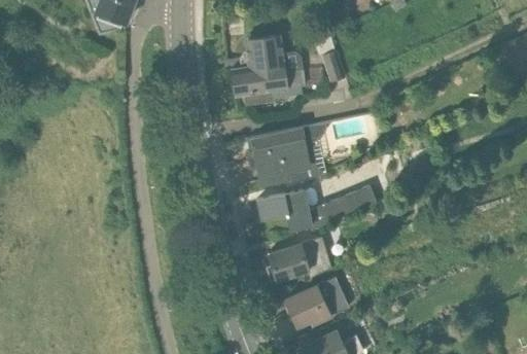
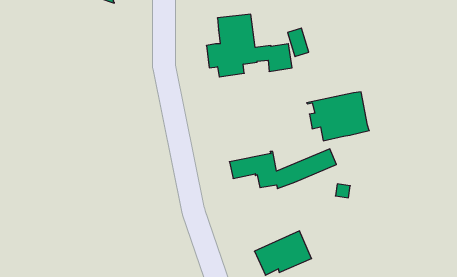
building: [243,128,313,182] -> [307,92,369,141]
building: [268,237,331,280] -> none

